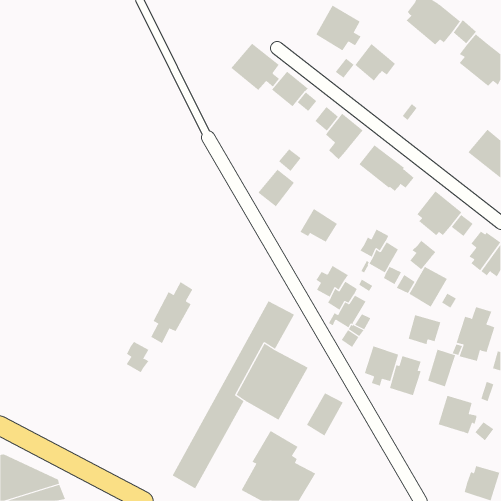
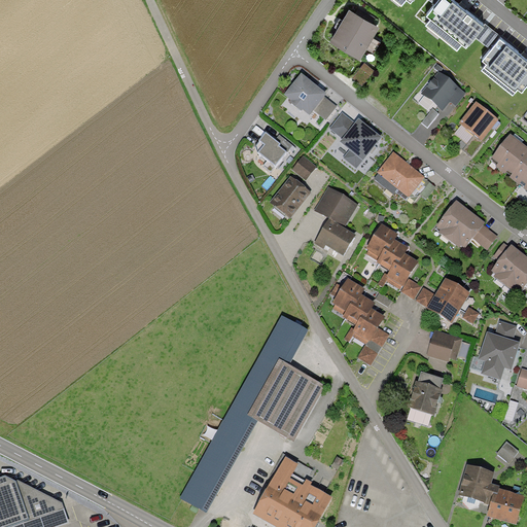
building: [231,43,280,91] -> none
building: [355,43,396,82] -> [421,71,464,111]
building: none -> [458,102,497,155]
building: none -> [252,133,288,171]
building: none -> [315,186,358,226]
building: none -> [366,224,398,256]
building: [410,240,436,270] -> none
building: [150,281,193,344] -> none
building: [126,341,149,373] -> none
building: [364,346,399,386] -> none
building: [427,349,456,387] -> none
building: [306,393,343,436] -> none
building: [438,395,477,434] -> [457,464,498,505]

